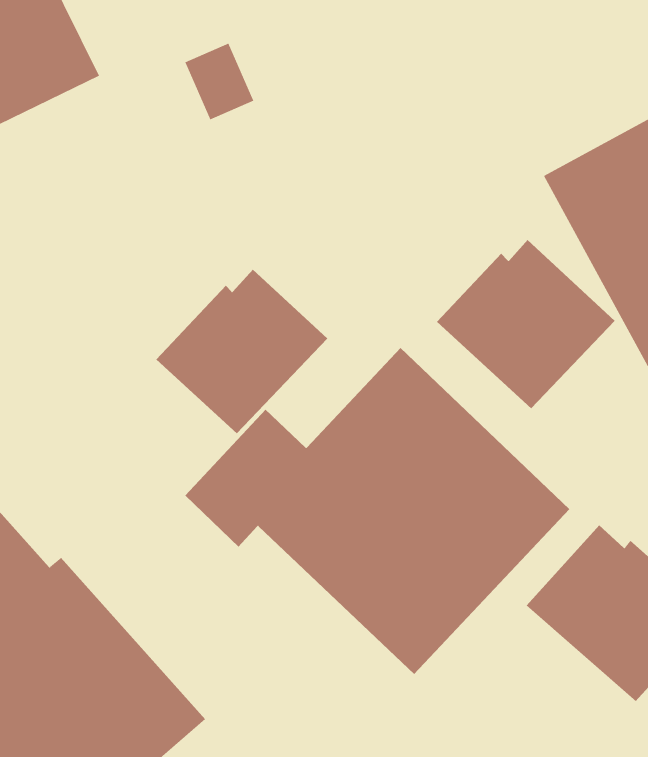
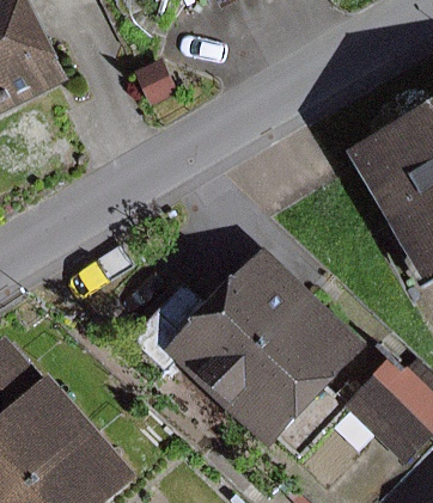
building: [436,239,616,409] -> none
building: [156,269,328,434] -> none

